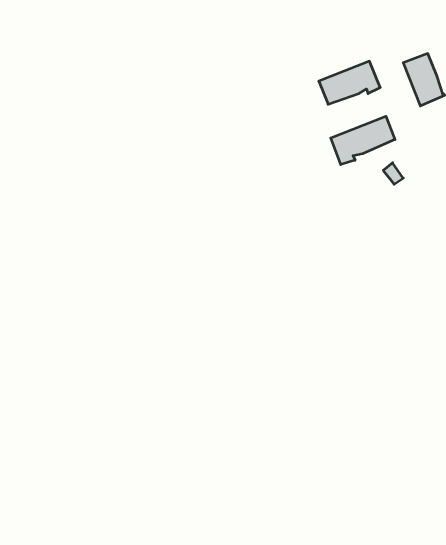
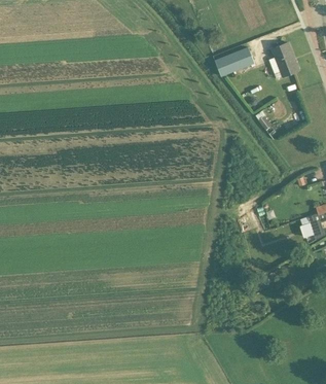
building: [331,116,395,165] -> none

